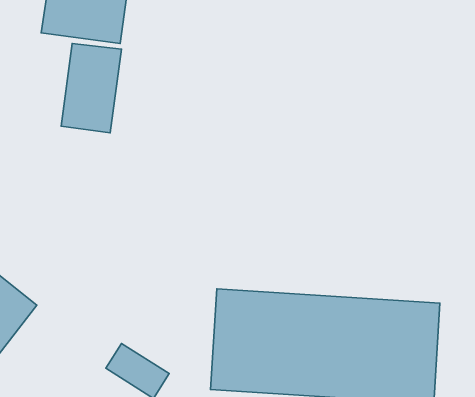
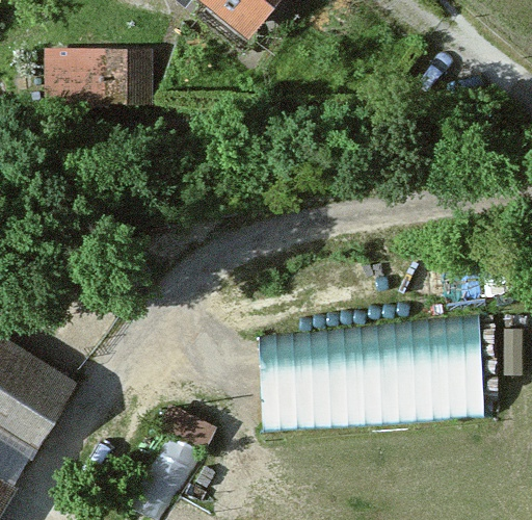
building: [61,44,121,133] -> none

